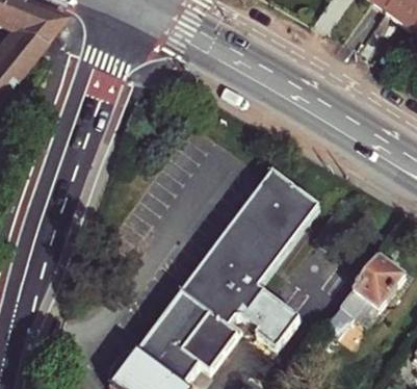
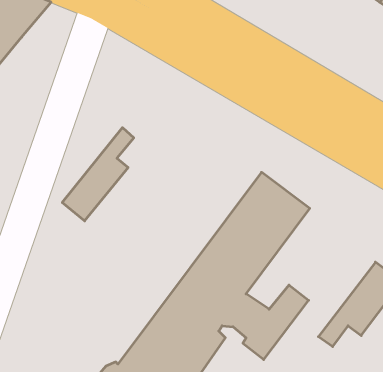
building: none -> [62,128,134,221]

